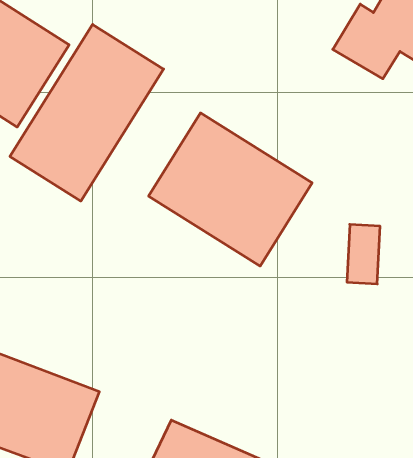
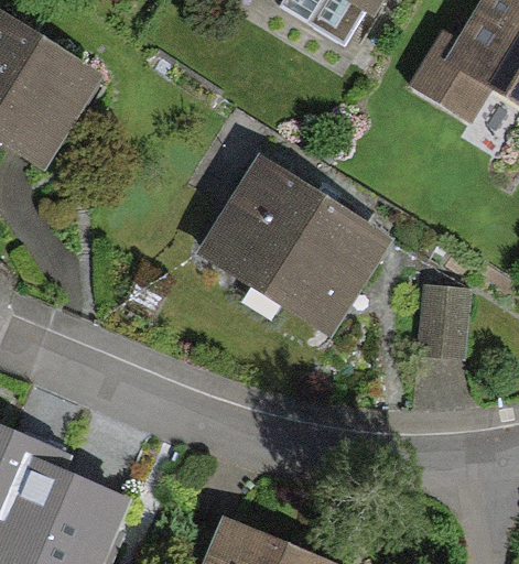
building: [10,24,164,201] -> none

